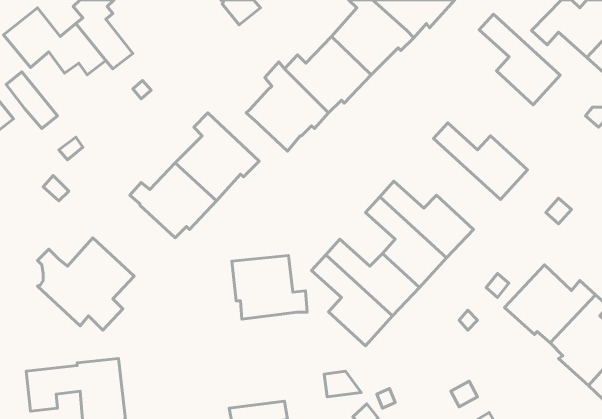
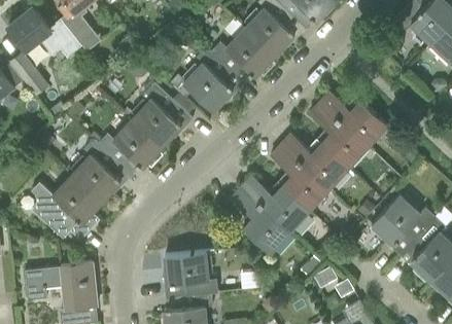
building: [479,14,560,105] -> [309,103,368,169]
building: none -> [72,140,132,203]
building: [232,255,307,319] -> [164,252,218,298]

